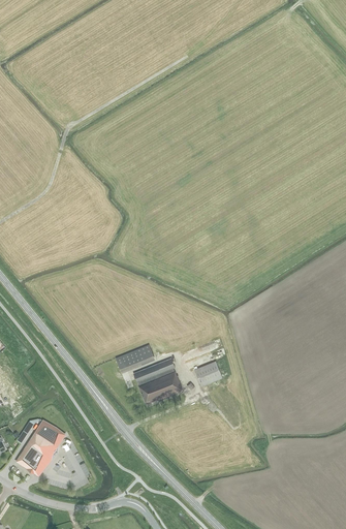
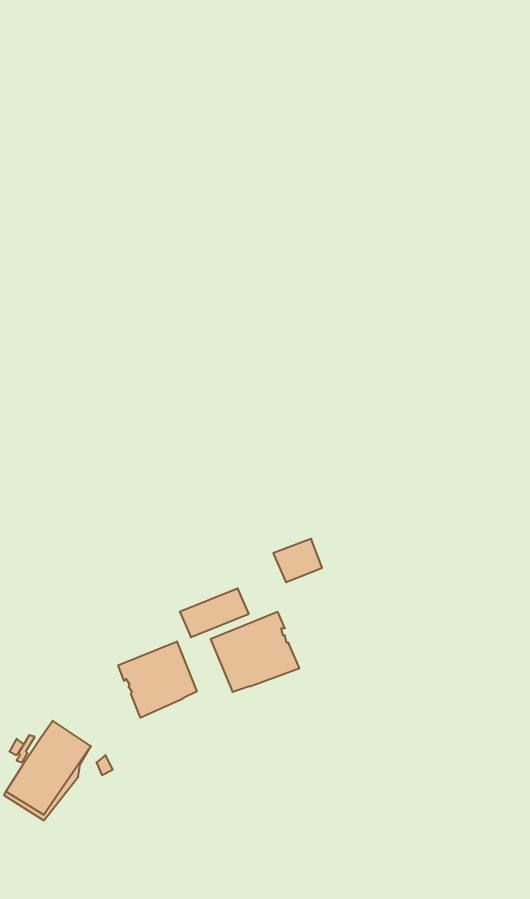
building: [194,361,222,385] -> [273,539,322,582]
building: none -> [118,641,197,718]

